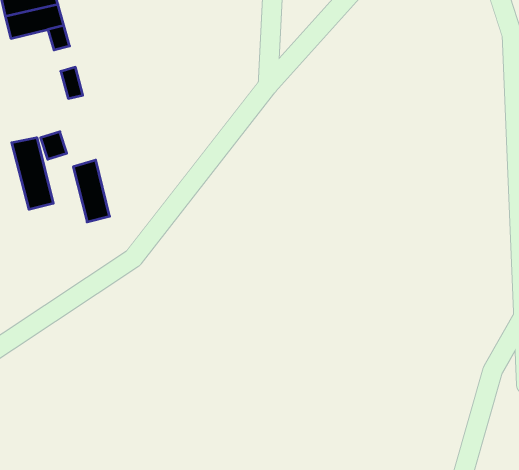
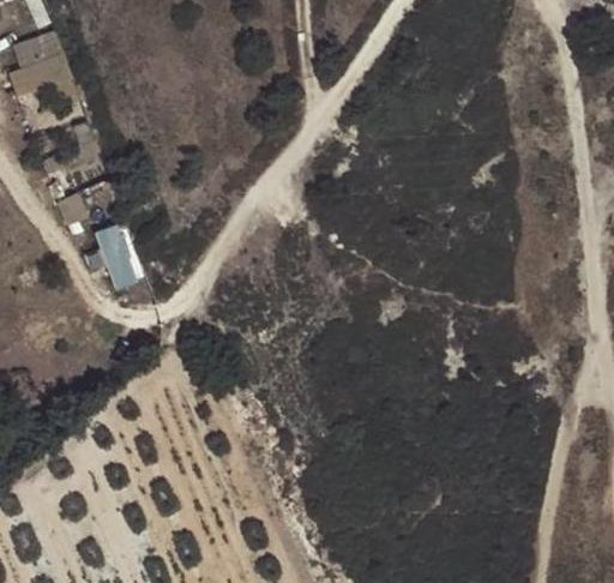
building: [12,138,53,209] -> none

